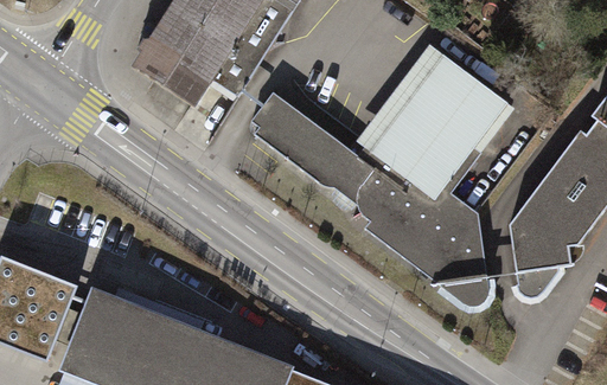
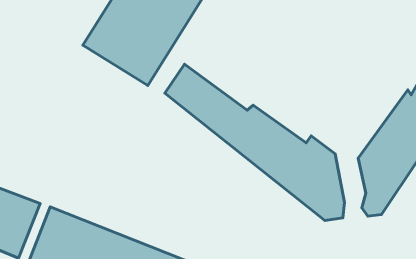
building: [357,43,511,199] -> none

